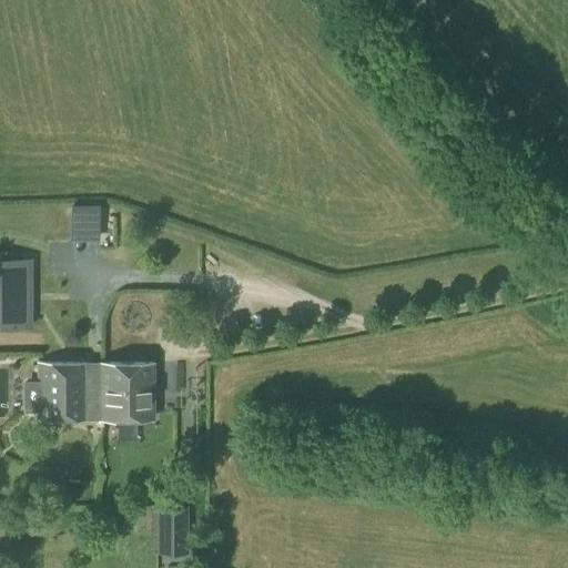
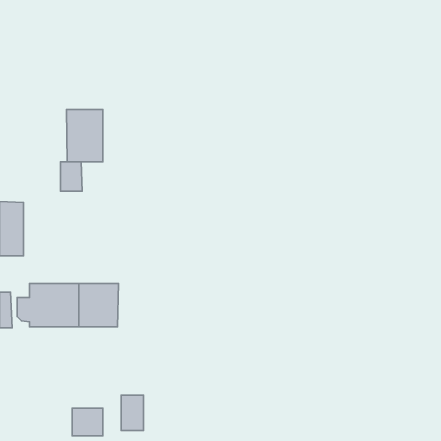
building: none -> [67,109,103,162]
building: none -> [72,408,103,436]

